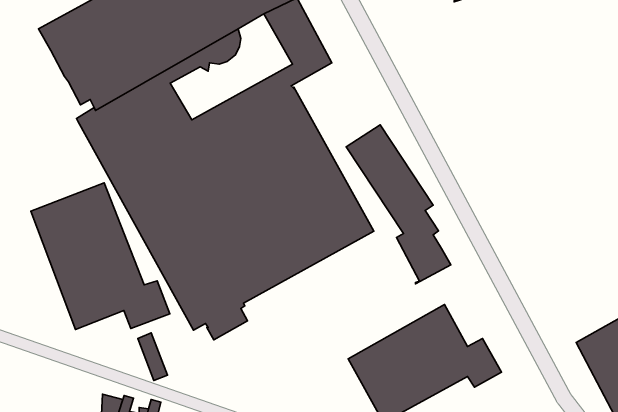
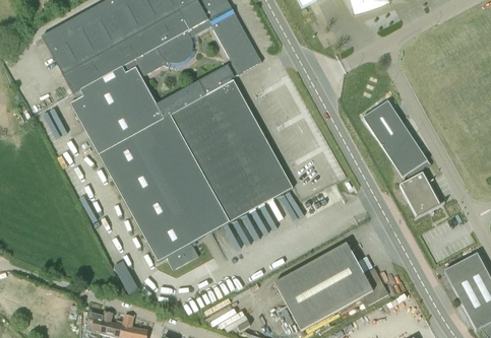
building: [346,125,451,284] -> [362,99,440,218]
building: [31,183,170,329] -> none

